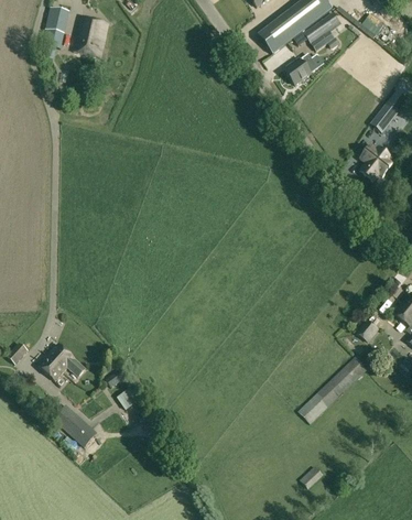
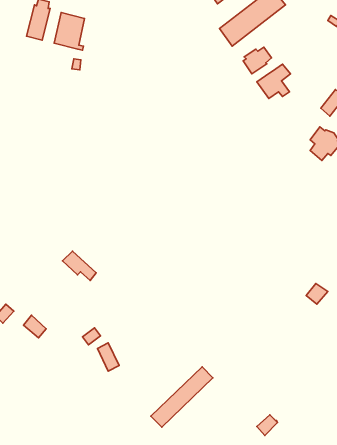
building: [304,12,341,51] -> [257,64,290,99]
building: [47,344,85,377] -> [63,251,96,281]
building: [297,356,367,423] -> [151,367,213,427]
building: [52,404,97,447] -> none

